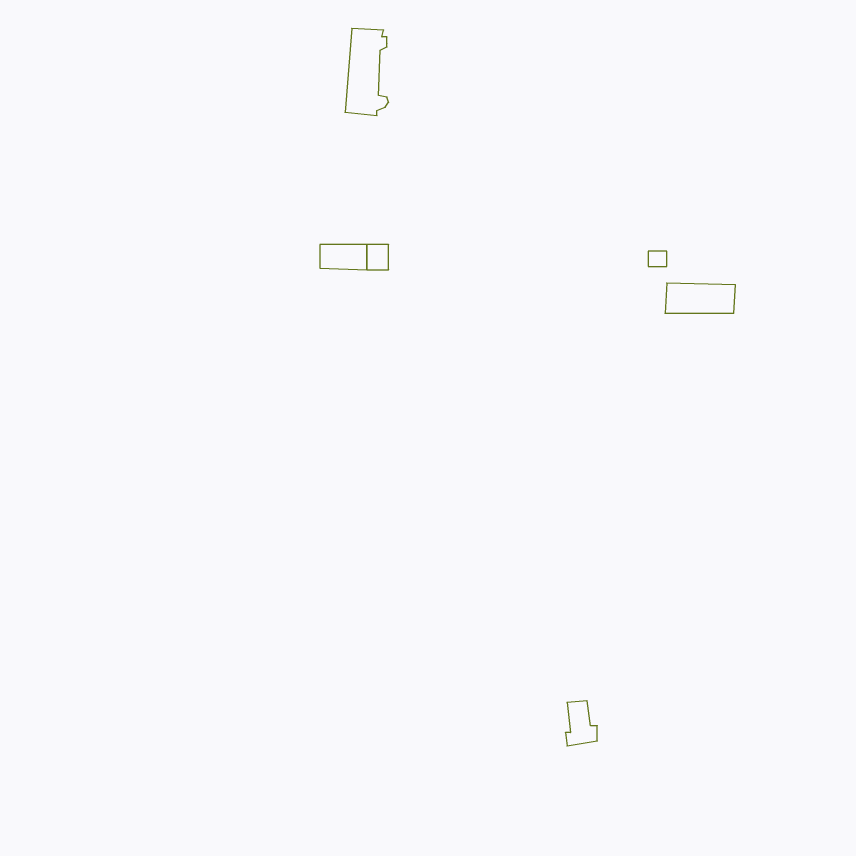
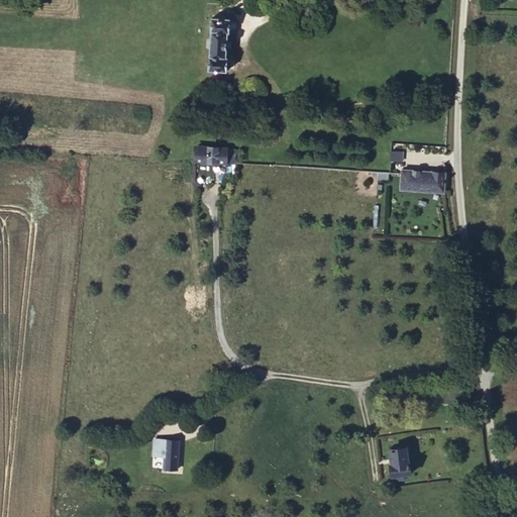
building: [565,701,597,746] -> [391,447,410,475]
building: none -> [150,437,181,468]

